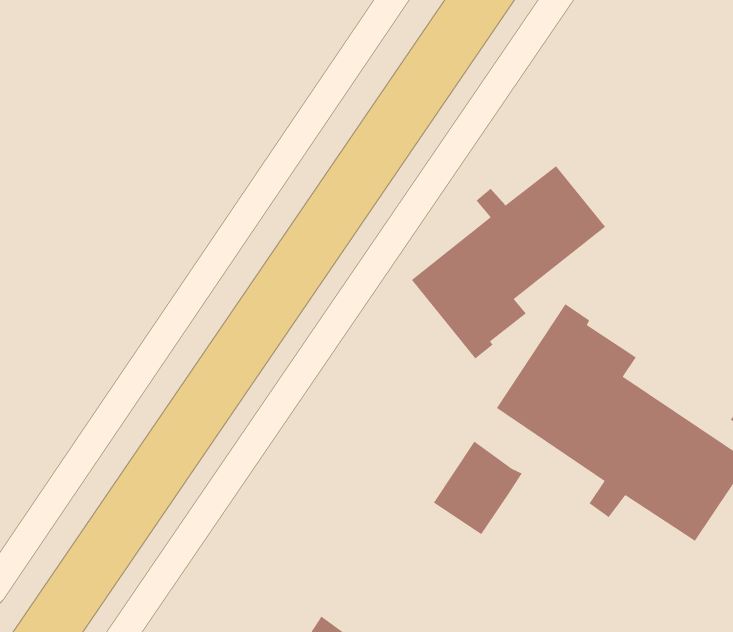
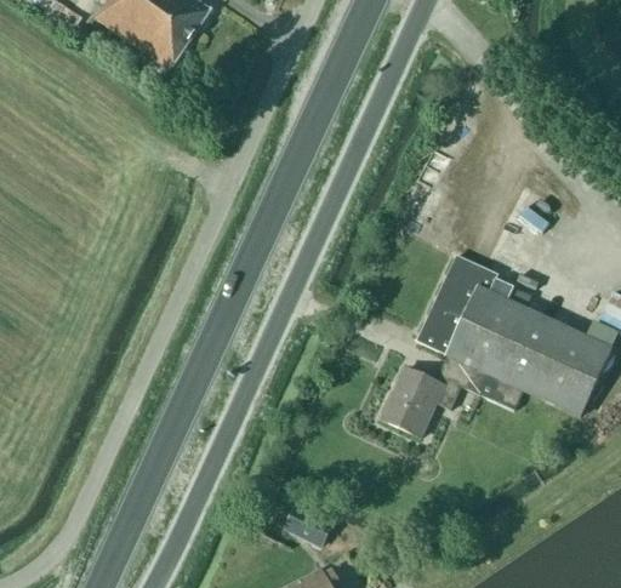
building: [411,165,606,359] -> none

